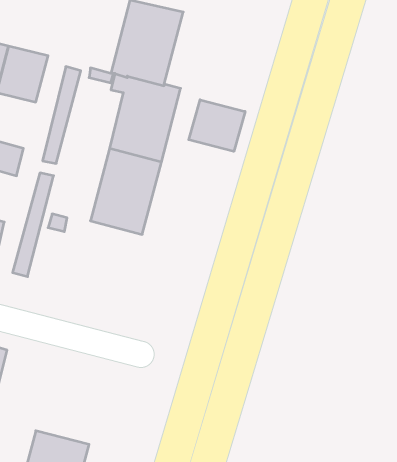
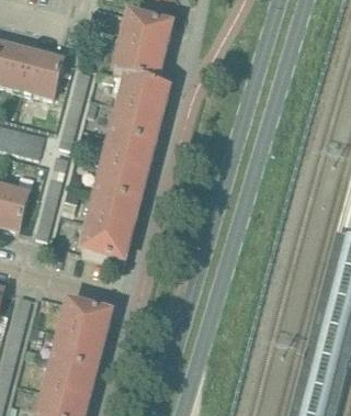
building: [189,100,245,151] -> none
building: none -> [80,191,137,261]
building: none -> [52,301,109,371]

